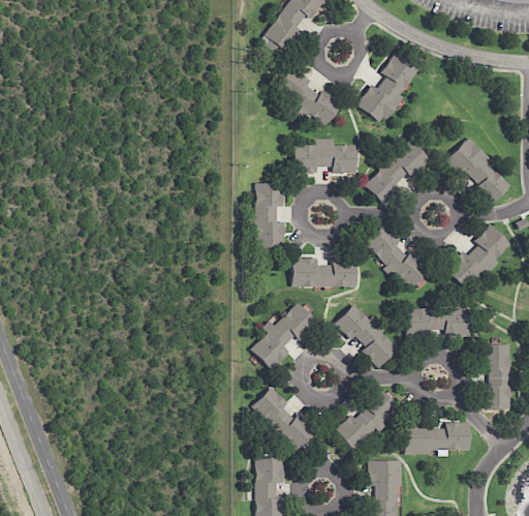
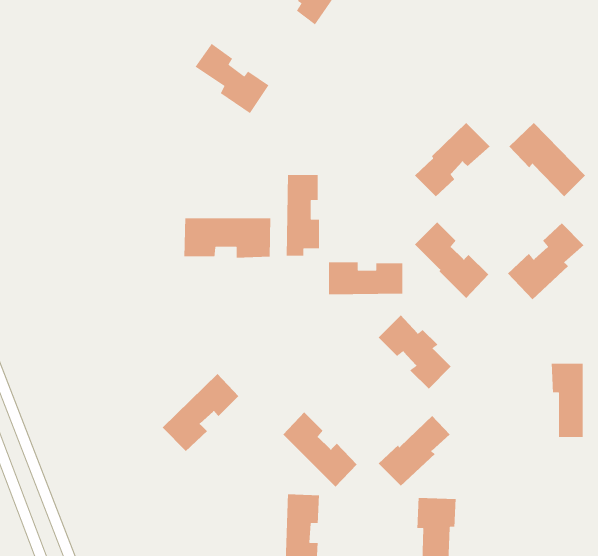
building: [356,53,418,124] -> none
building: [277,67,341,128] -> [195,43,269,114]
building: [294,140,355,175] -> none
building: none -> [183,217,271,258]
building: [250,303,316,370] -> [162,373,239,452]
building: [409,308,469,337] -> none
building: [404,423,468,455] -> none

